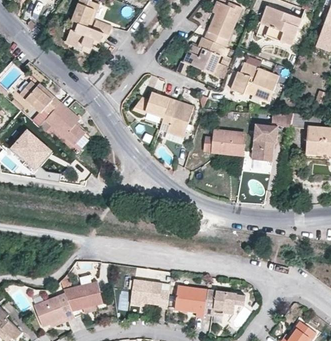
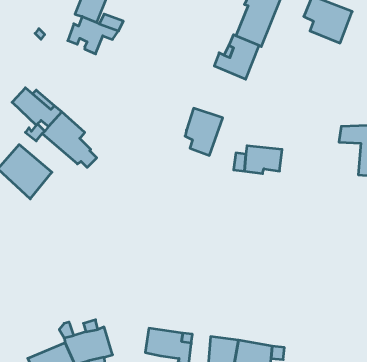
building: [231,62,279,101] -> none
building: [134,92,170,116] -> none
building: [251,112,292,161] -> none

